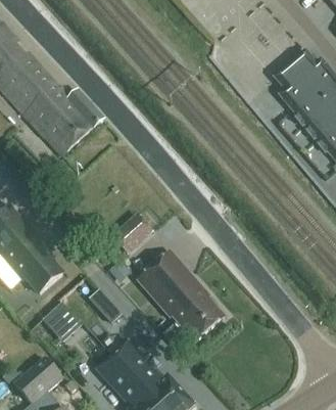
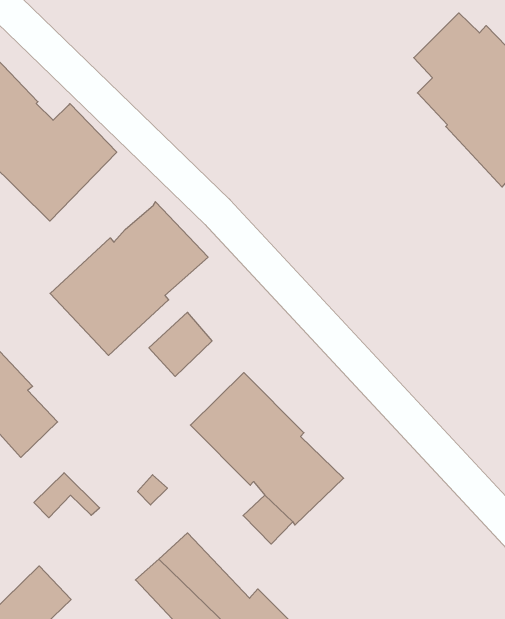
building: none -> [50,202,208,355]

